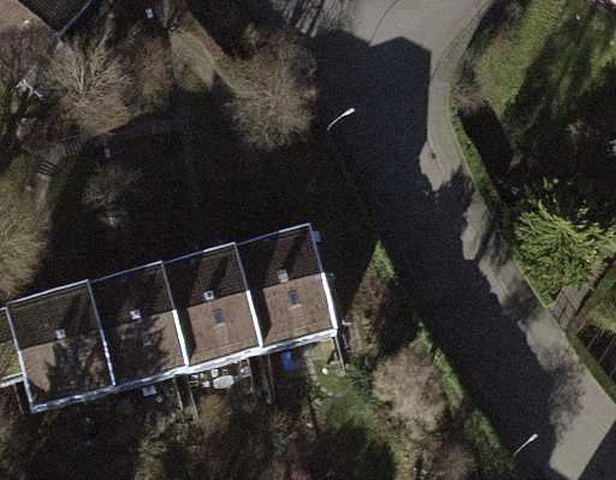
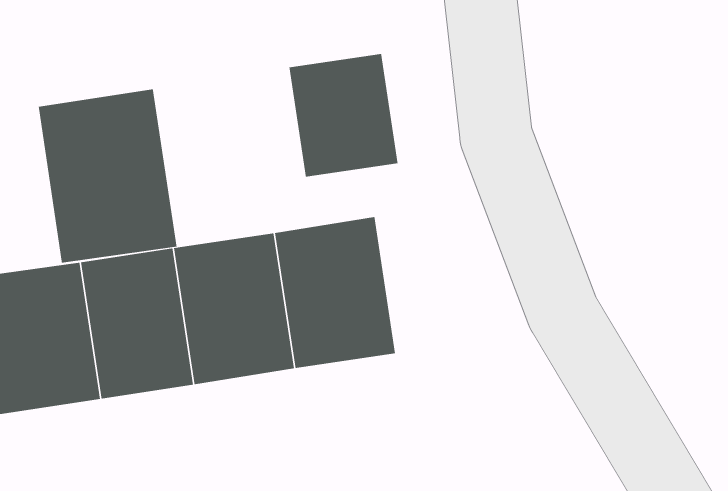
building: none -> [289,53,398,178]
building: none -> [38,88,177,263]

